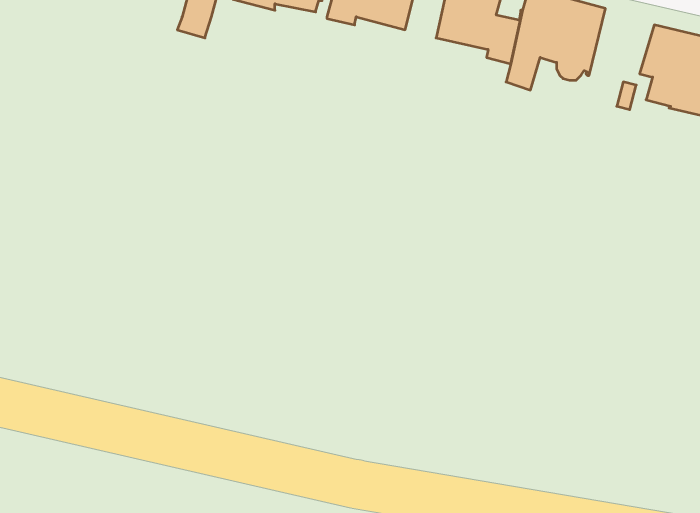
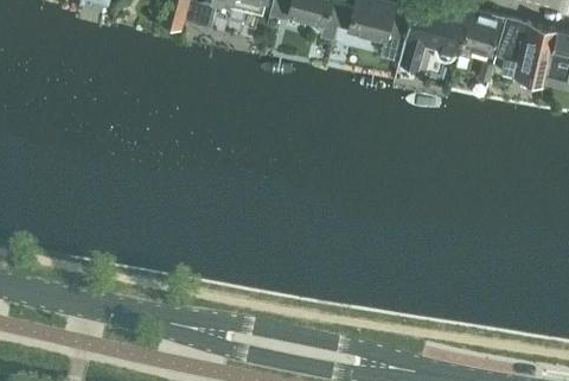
building: none -> [459,9,503,61]

